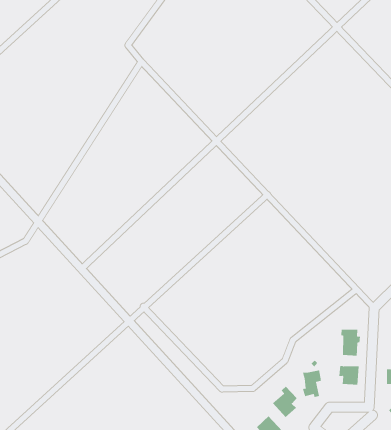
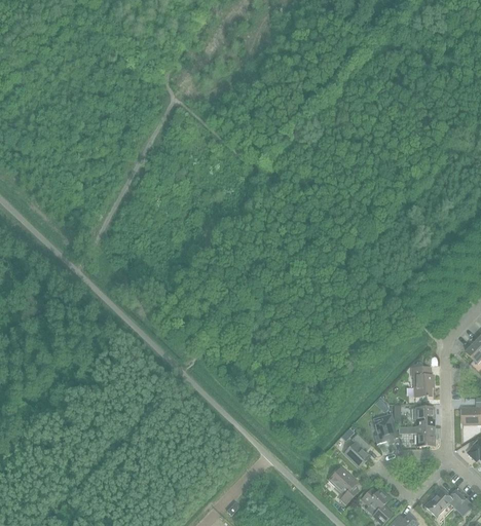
building: none -> [407,425,434,445]

